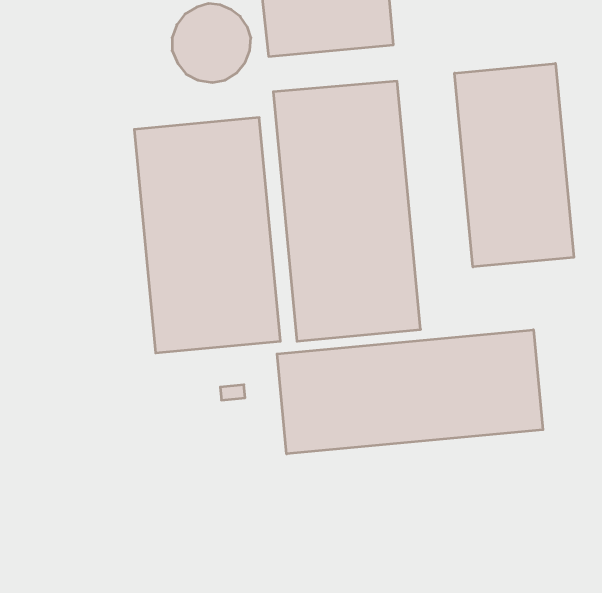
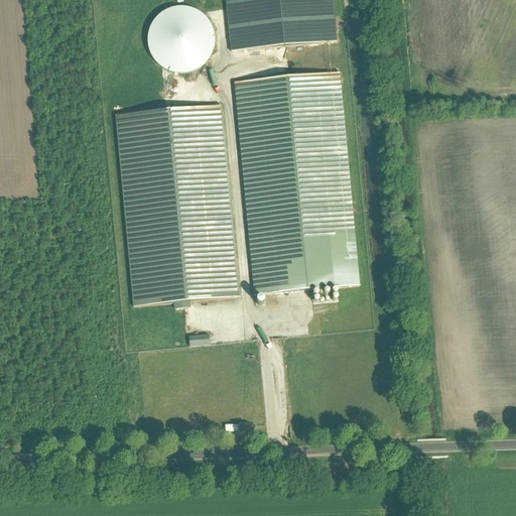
building: [455,63,574,267] -> none
building: [277,330,543,454] -> none

